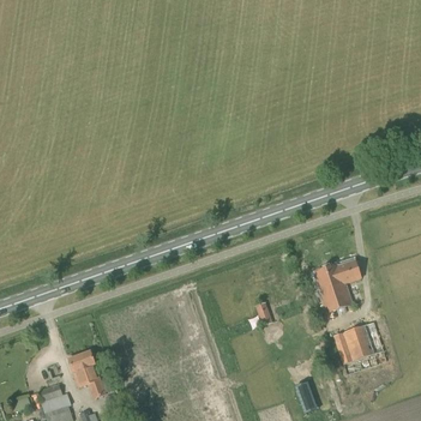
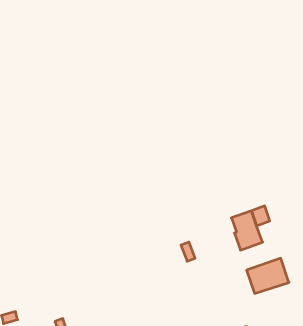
building: [68,351,103,395] -> none

